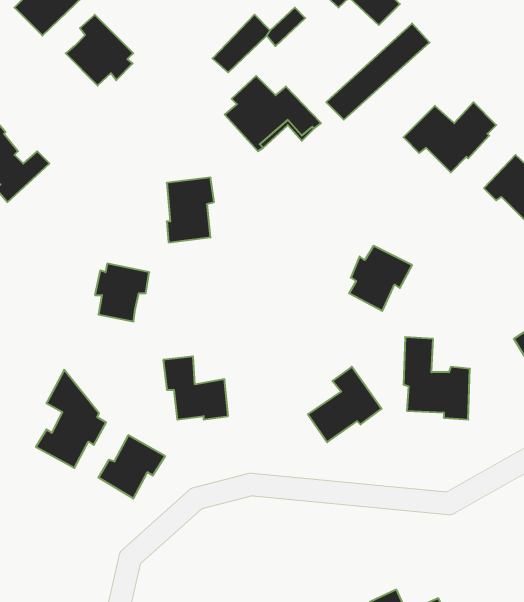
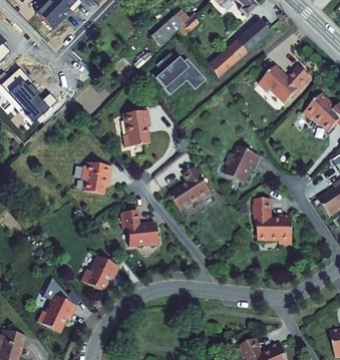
building: [66,15,133,86] -> none
building: [308,367,382,442] -> [172,166,214,210]
building: [36,370,106,468] -> [35,276,75,332]

